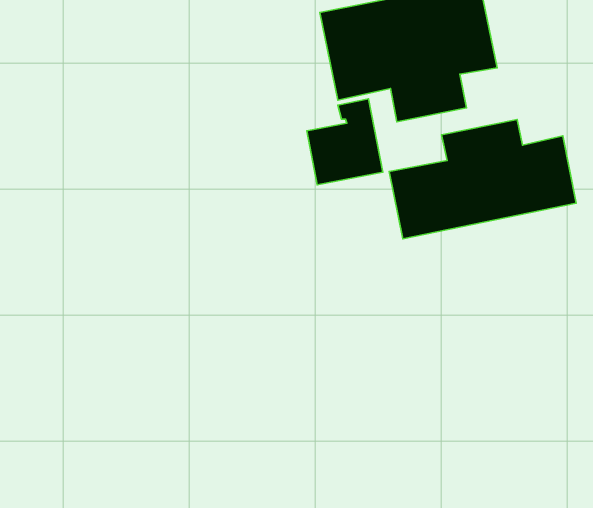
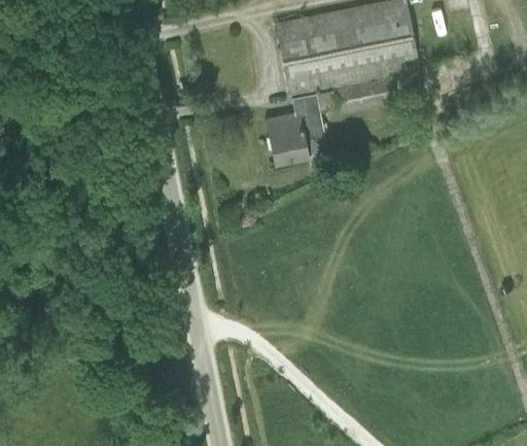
building: [389,119,576,239] -> none

